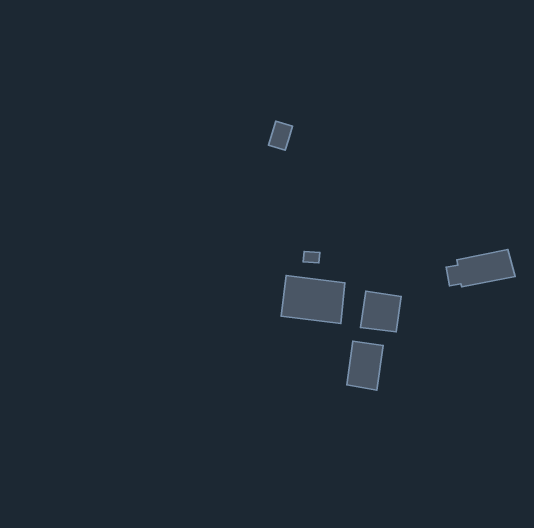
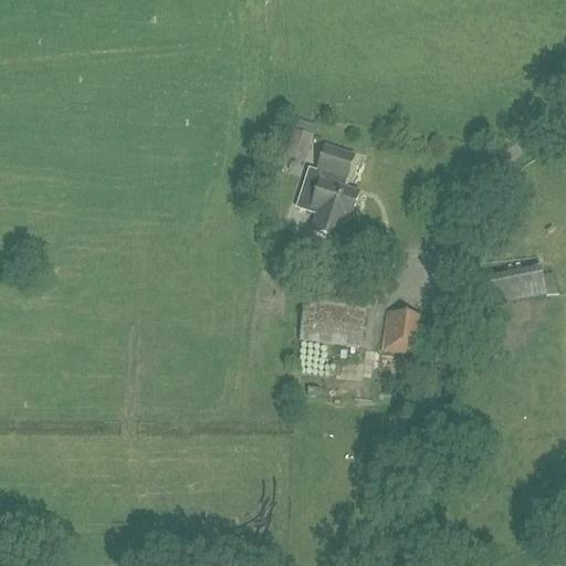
building: none -> [296,143,358,238]
building: [347,341,383,390] -> none

